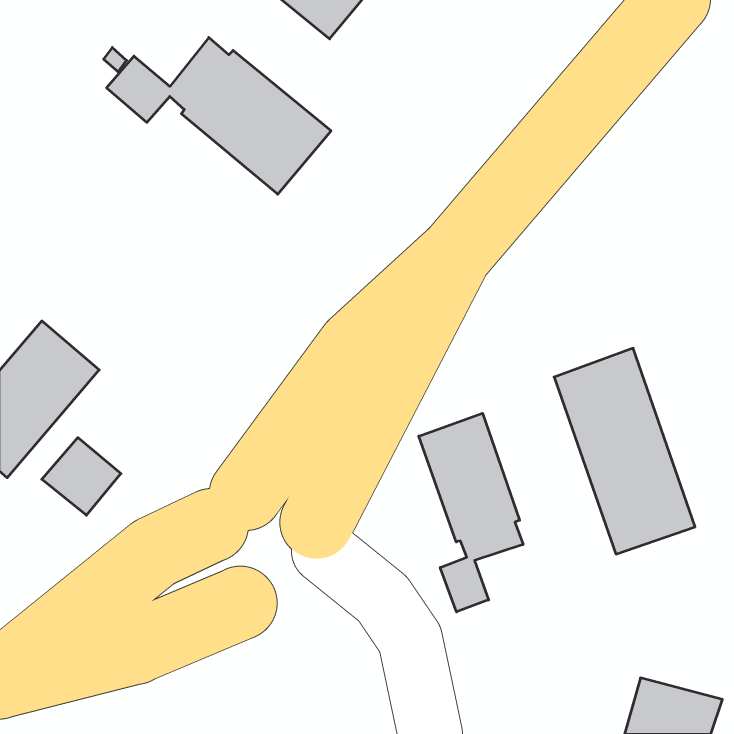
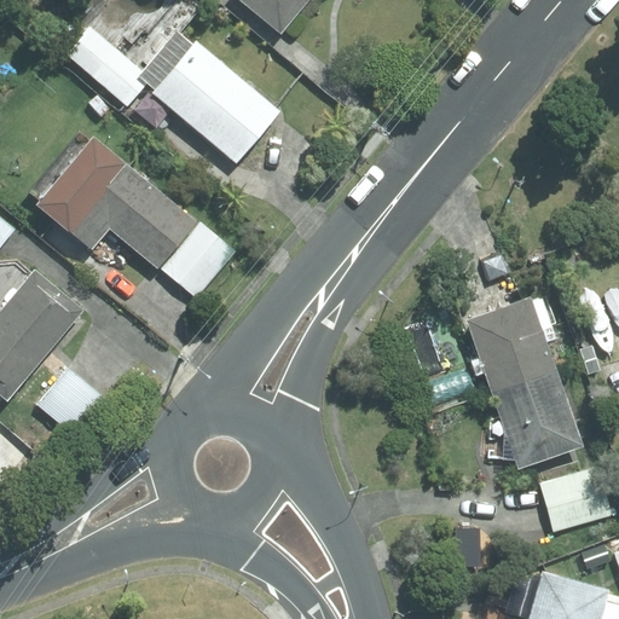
building: none -> [39,140,235,300]
building: [419,413,523,612] -> none
building: none -> [537,465,606,528]

